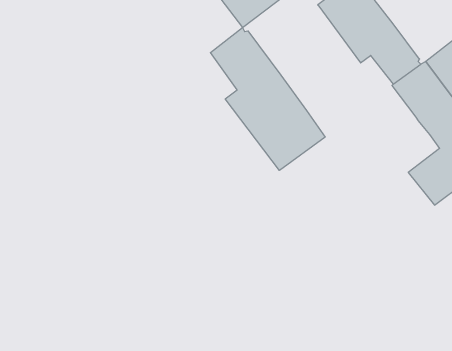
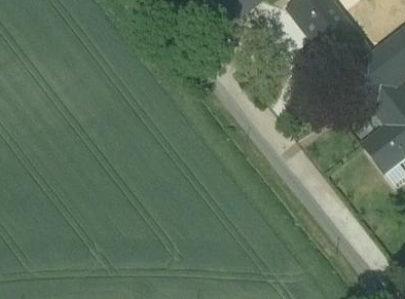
building: [210,28,325,170] -> none

